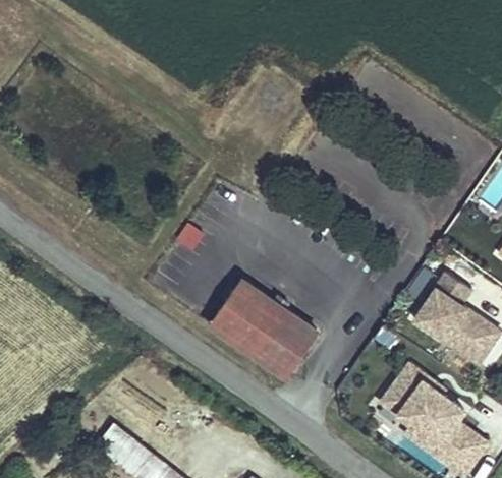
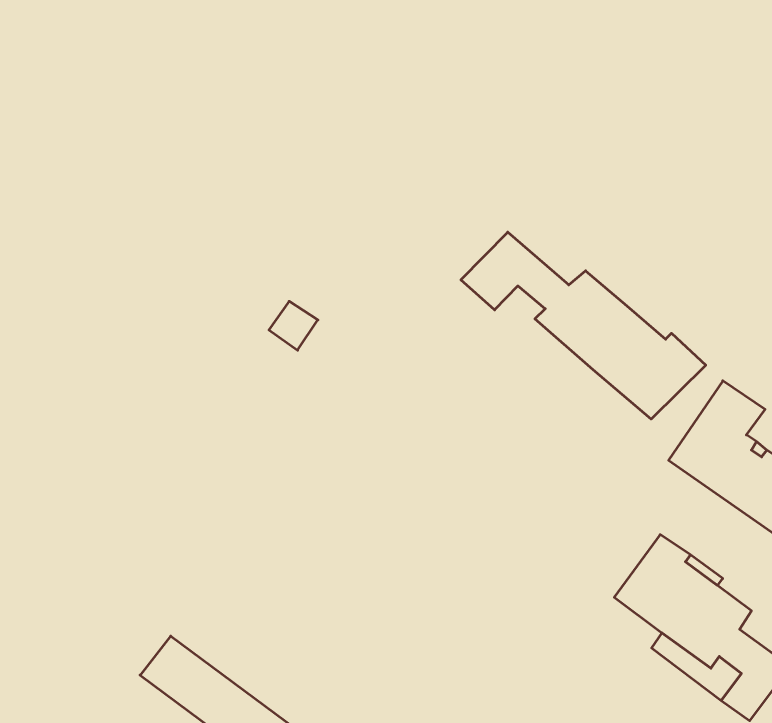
building: none -> [461,232,706,419]
building: [211,280,318,377] -> none

